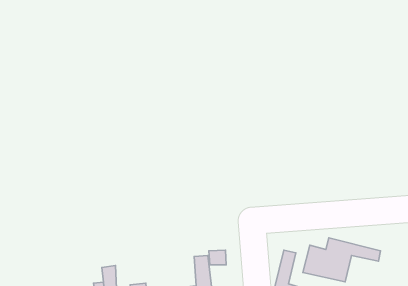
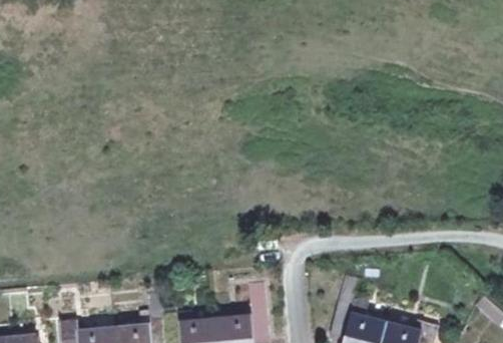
building: [303,238,381,282] -> none

